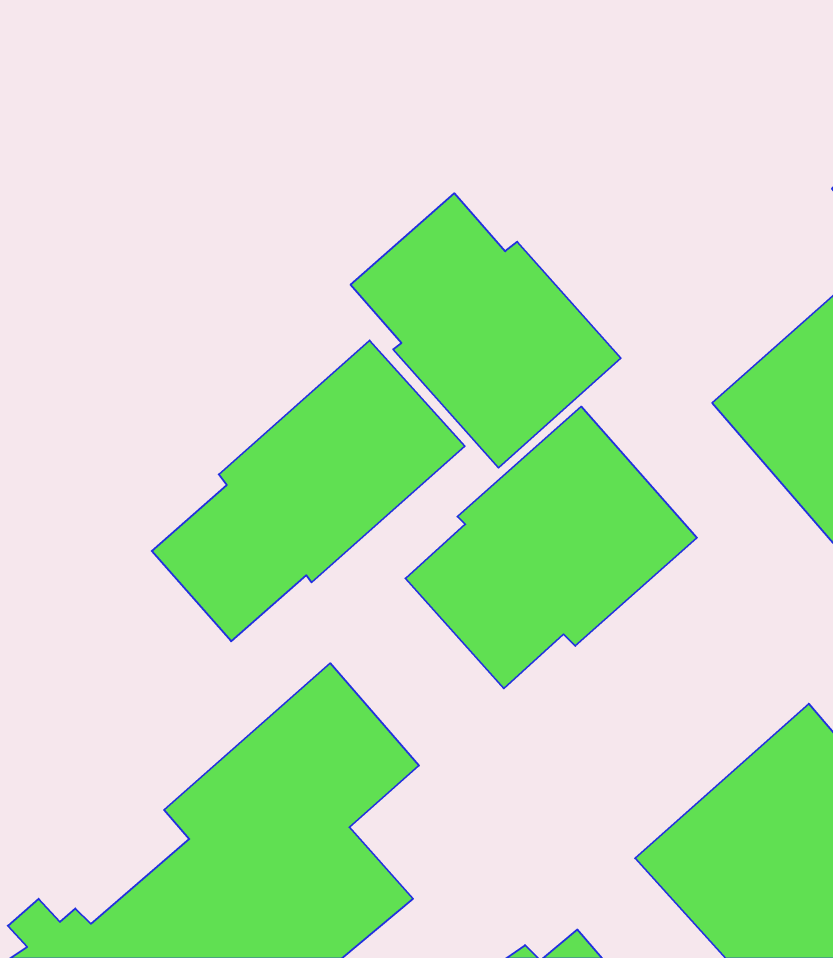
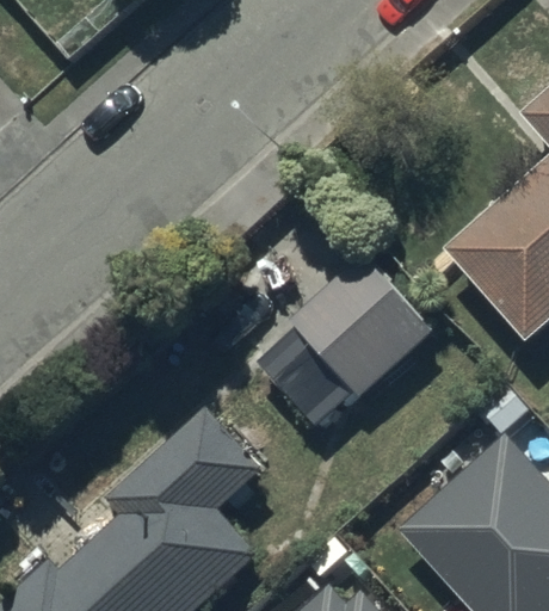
building: [351,193,621,468] -> none
building: [152,340,465,641] -> none

